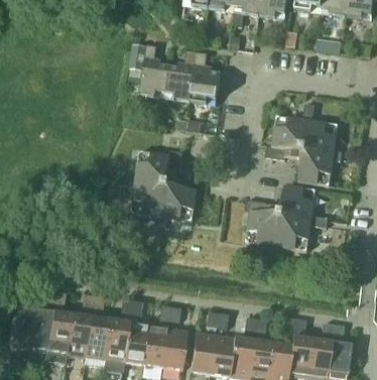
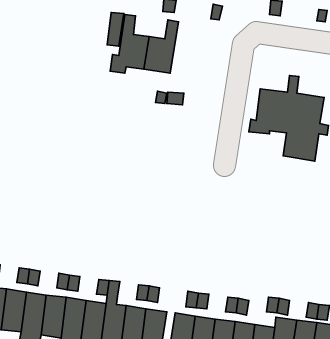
building: [191,51,222,105] -> none
building: [119,150,197,225] -> none
building: [246,185,329,255] -> none

